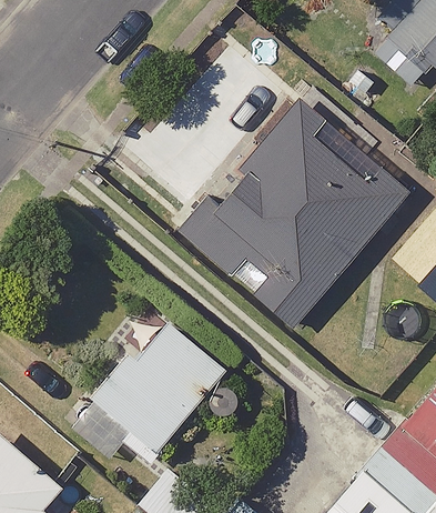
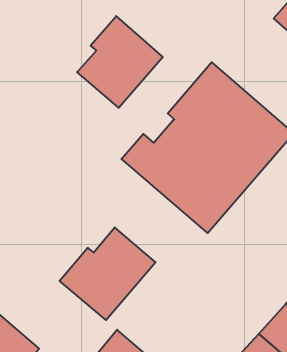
building: none -> [77,16,163,108]

